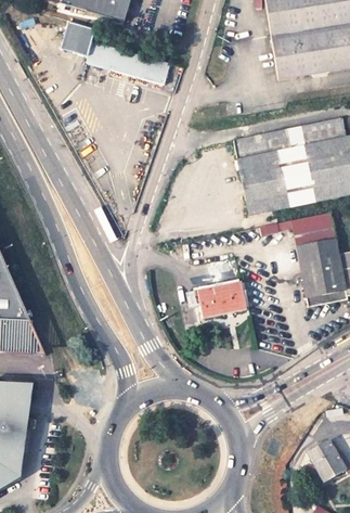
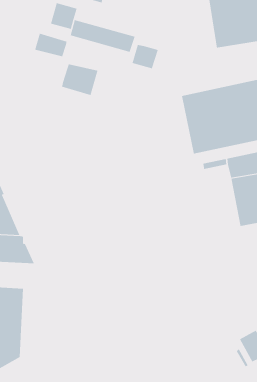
building: none -> [34,33,67,57]
building: none -> [132,44,159,69]
building: none -> [62,63,98,96]
building: [197,282,245,317] -> none

